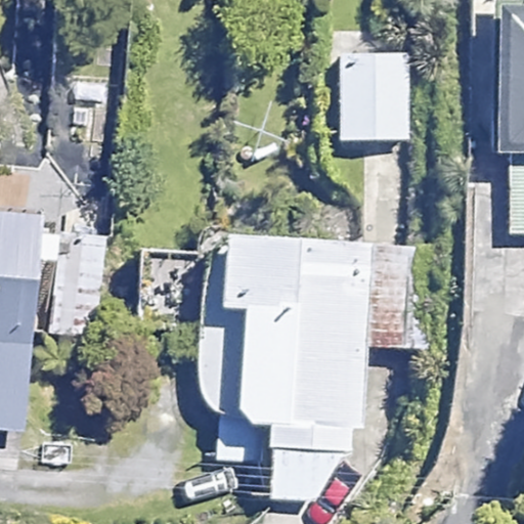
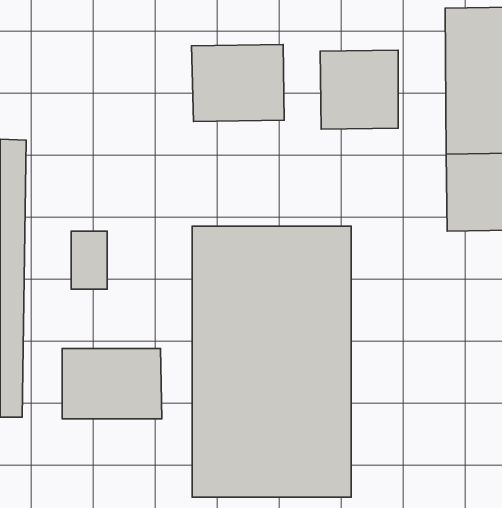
building: none -> [191,45,284,121]
building: none -> [62,348,162,419]

